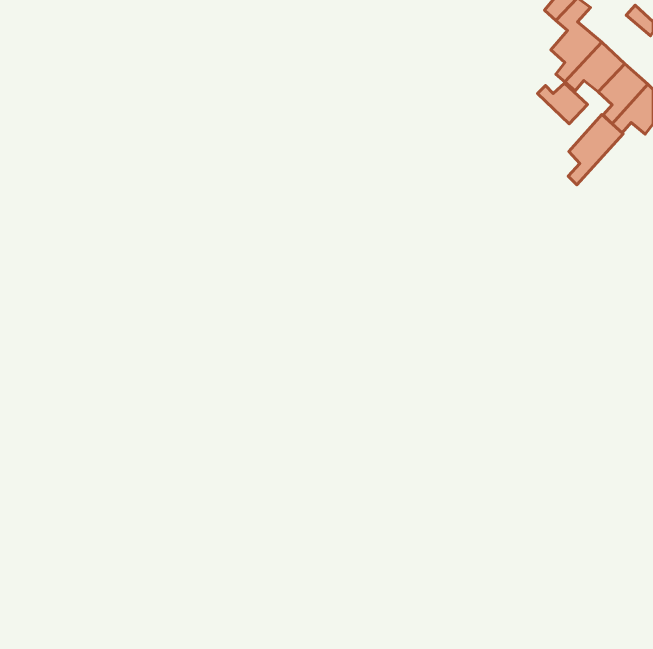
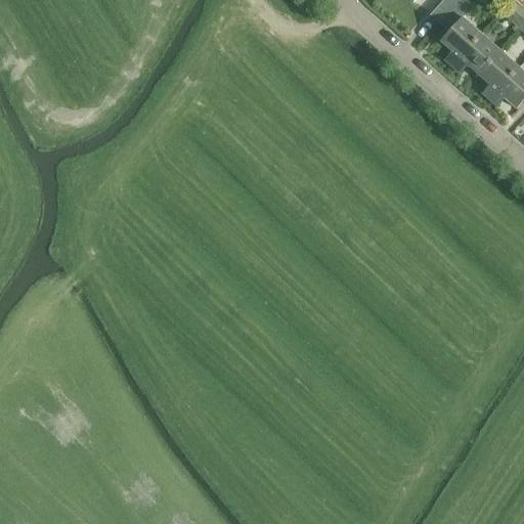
building: [537,83,588,124] -> none
building: [568,115,623,185] -> none

